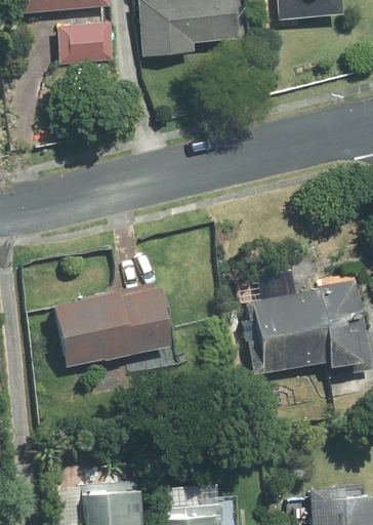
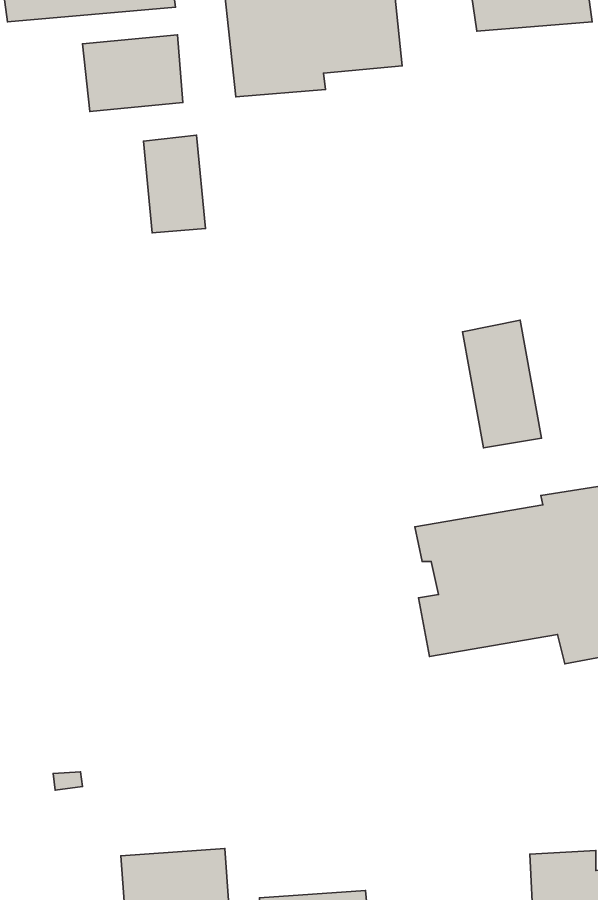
building: none -> [144,135,205,233]
building: none -> [462,320,541,448]
building: [49,279,169,363] -> none

